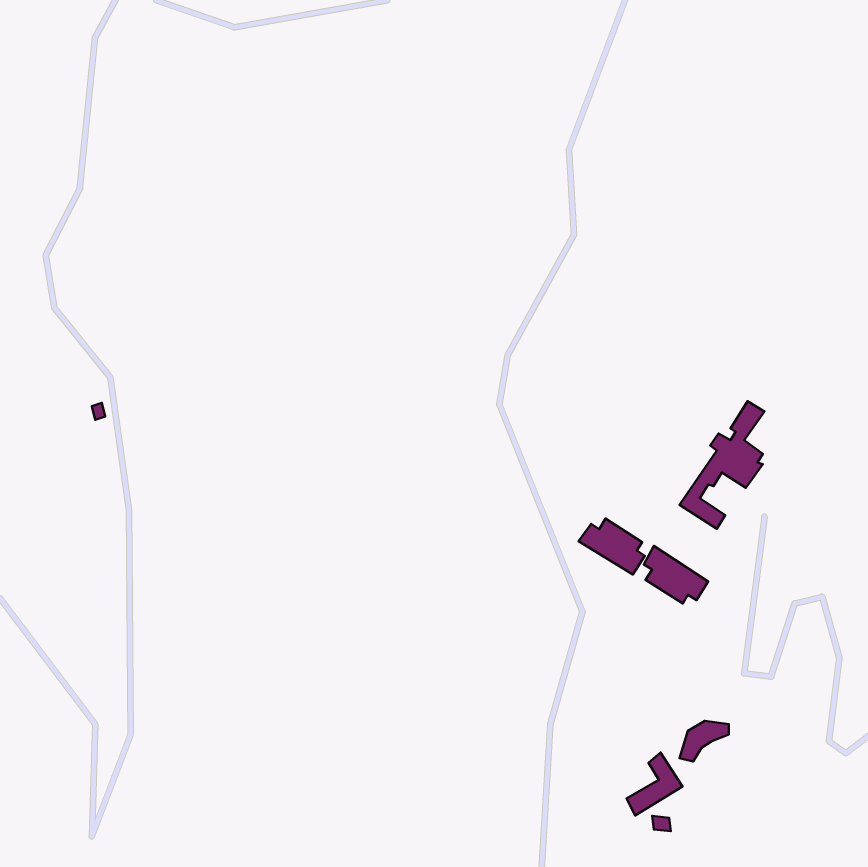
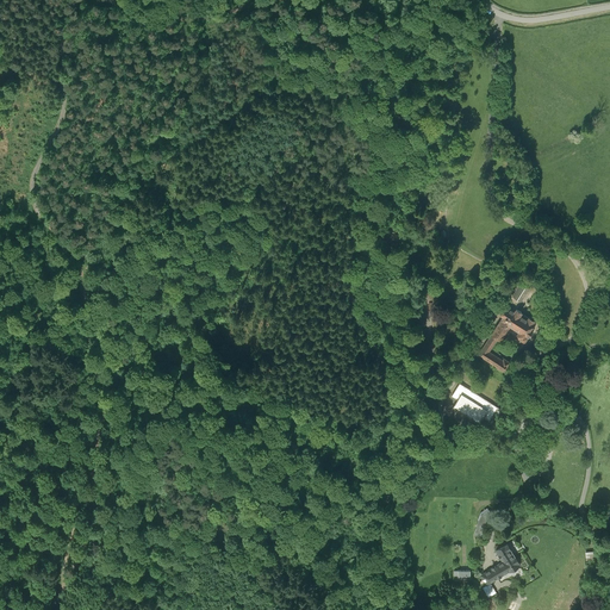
building: [578,519,645,575] -> none
building: [627,753,683,816] -> [480,546,519,590]

